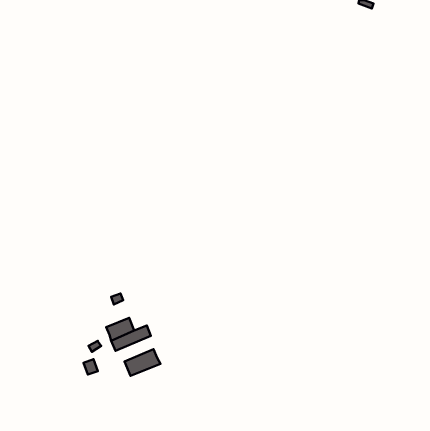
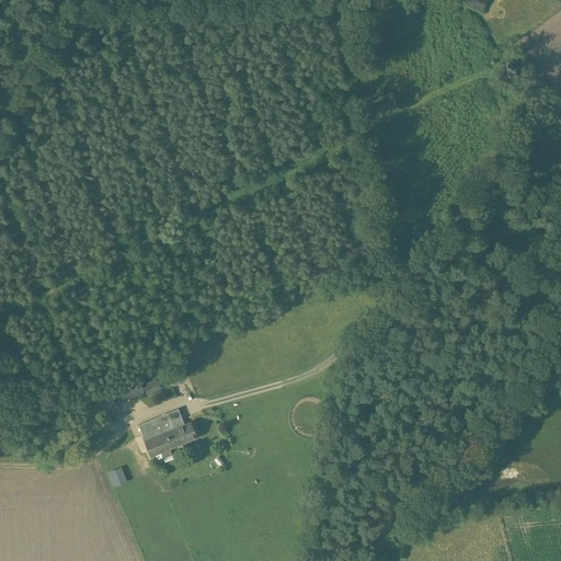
building: [124,349,161,376] -> none

